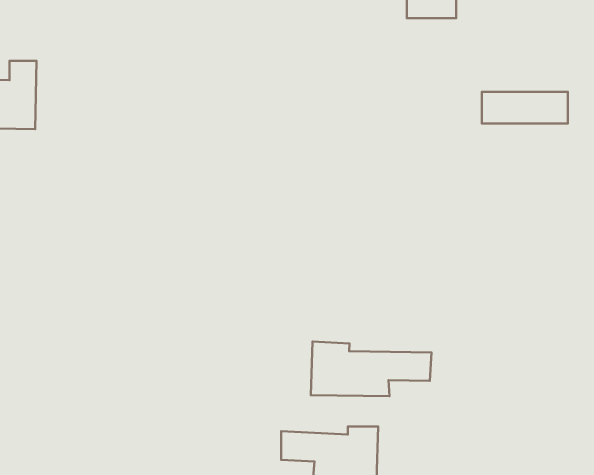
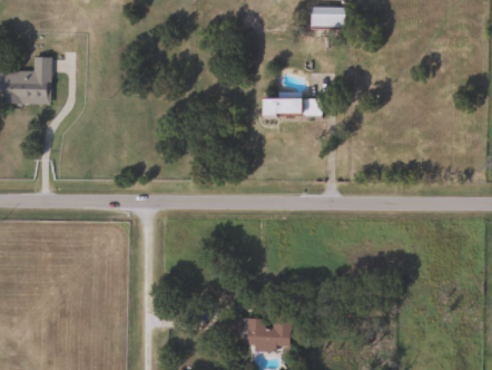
building: [482,92,568,123] -> [263,95,323,117]
building: [311,341,432,396] -> none

